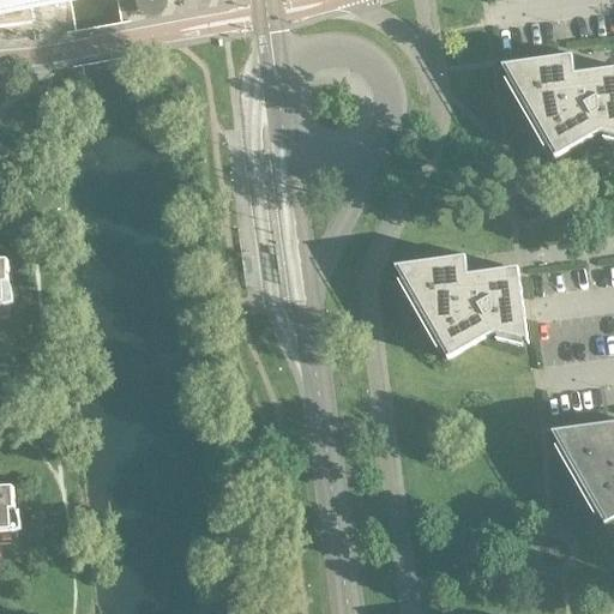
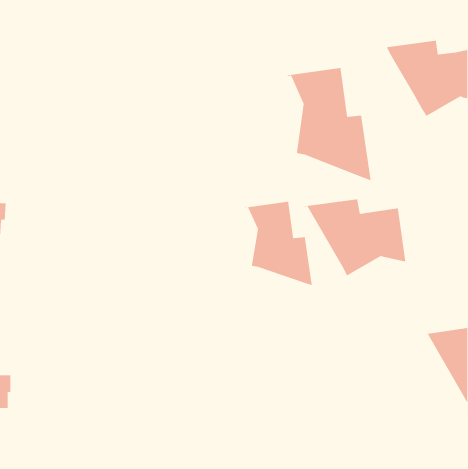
building: none -> [287,67,372,185]
building: none -> [244,201,313,289]

